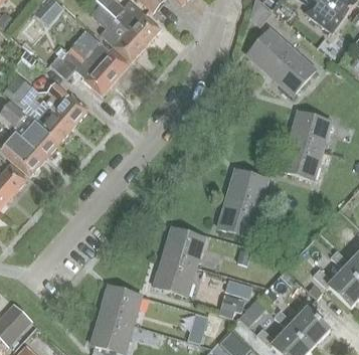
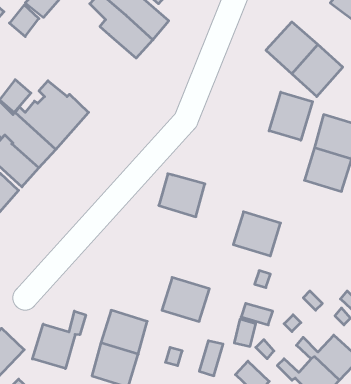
building: [49,41,129,95] -> none
building: none -> [269,92,313,140]
building: [226,170,267,208] -> none
building: [163,228,204,267] -> [159,174,205,217]
building: none -> [32,311,86,369]

